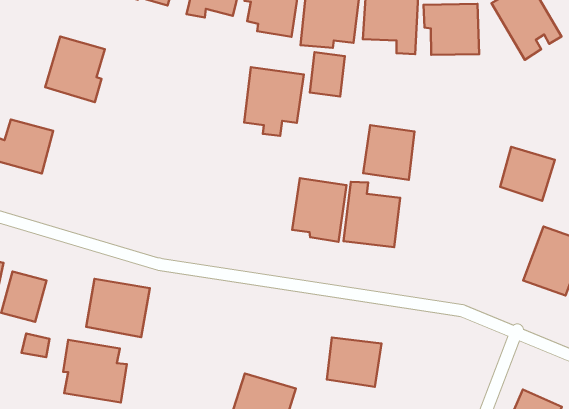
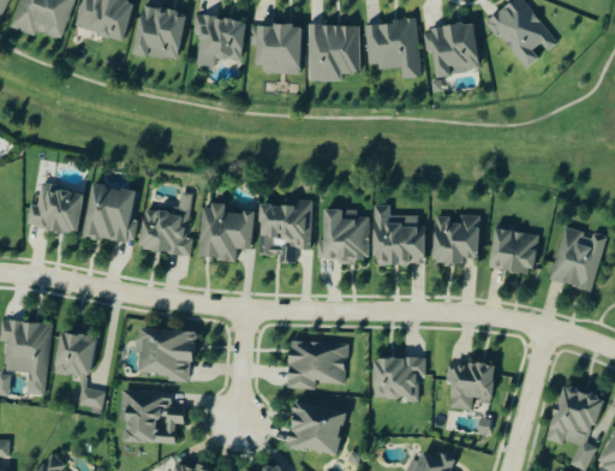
building: [45,36,105,102] -> [83,183,136,242]
building: [310,52,345,96] -> none
building: [244,67,304,136] -> [259,201,311,263]
building: [363,125,415,180] -> [434,215,478,263]
building: [500,147,555,201] -> [489,227,538,275]
building: none -> [141,204,191,255]
building: none -> [201,203,252,260]
building: none -> [287,341,346,387]
building: none -> [452,357,497,409]

